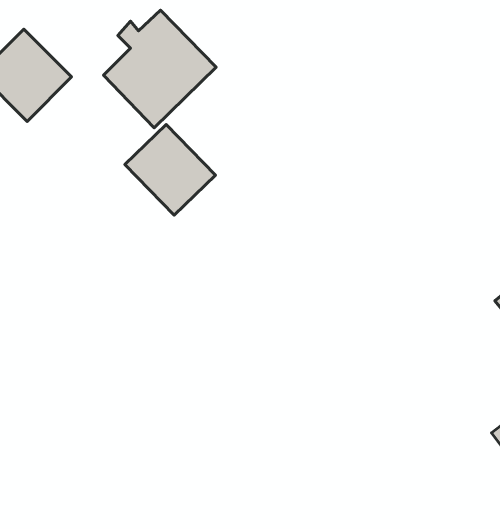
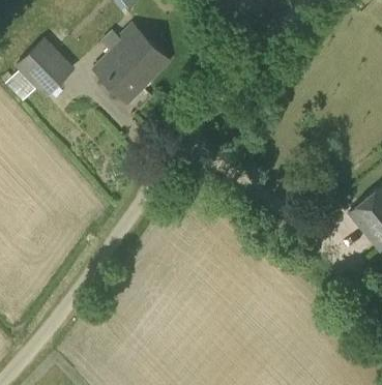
building: [125,124,215,215] -> none

